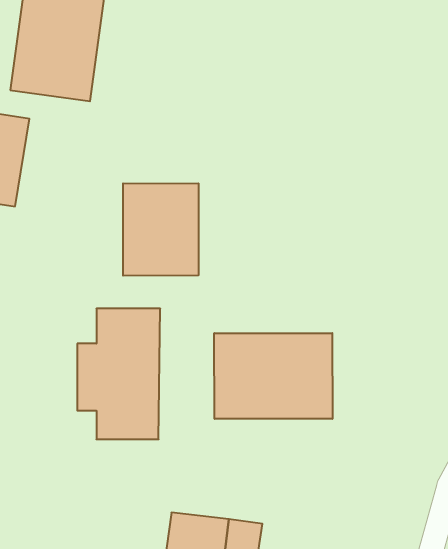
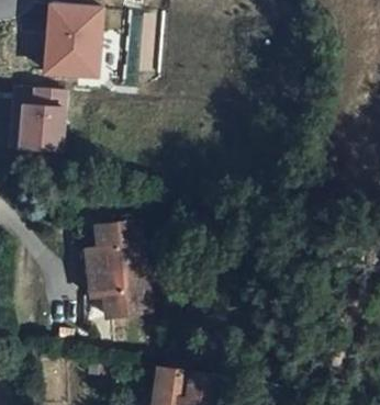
building: [123,183,198,276] -> none
building: [214,333,332,419] -> none

